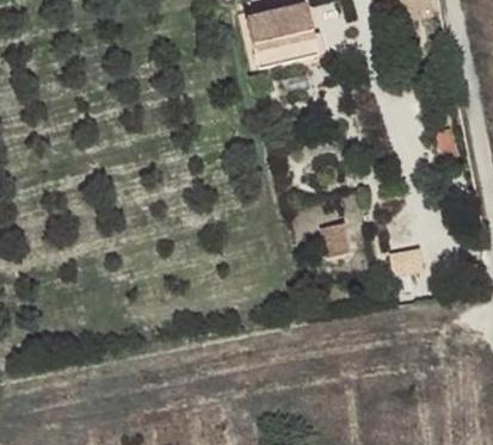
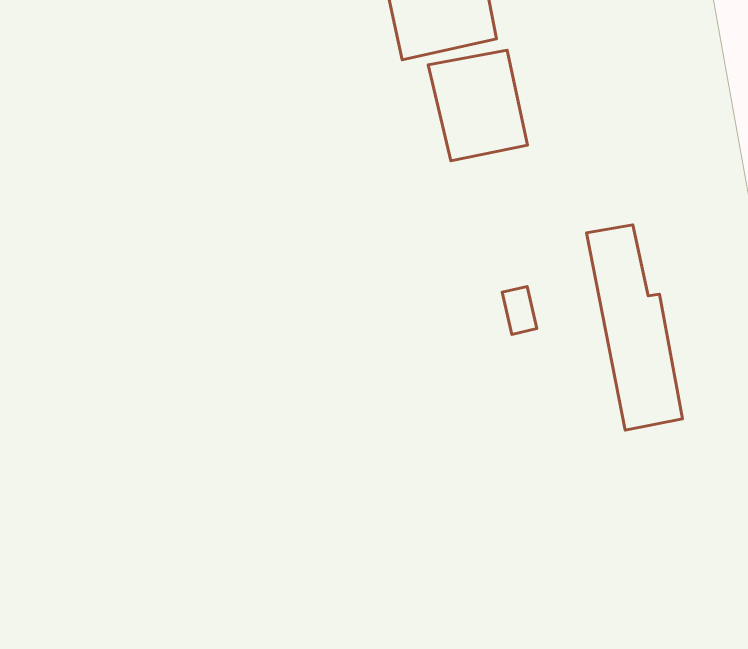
building: none -> [428,50,528,161]

